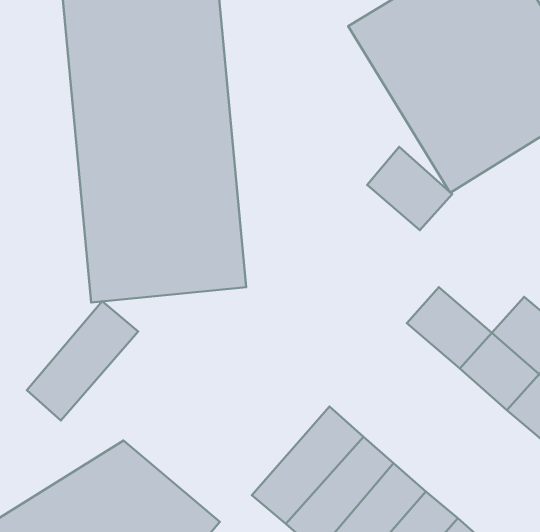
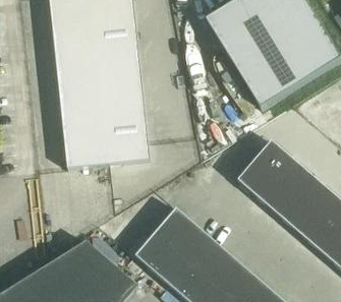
building: [367,147,452,230] -> [254,139,300,184]
building: [27,301,138,420] -> [135,207,195,271]

